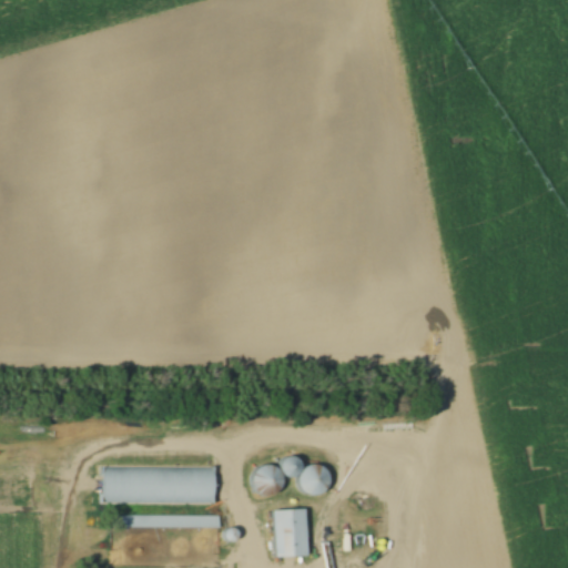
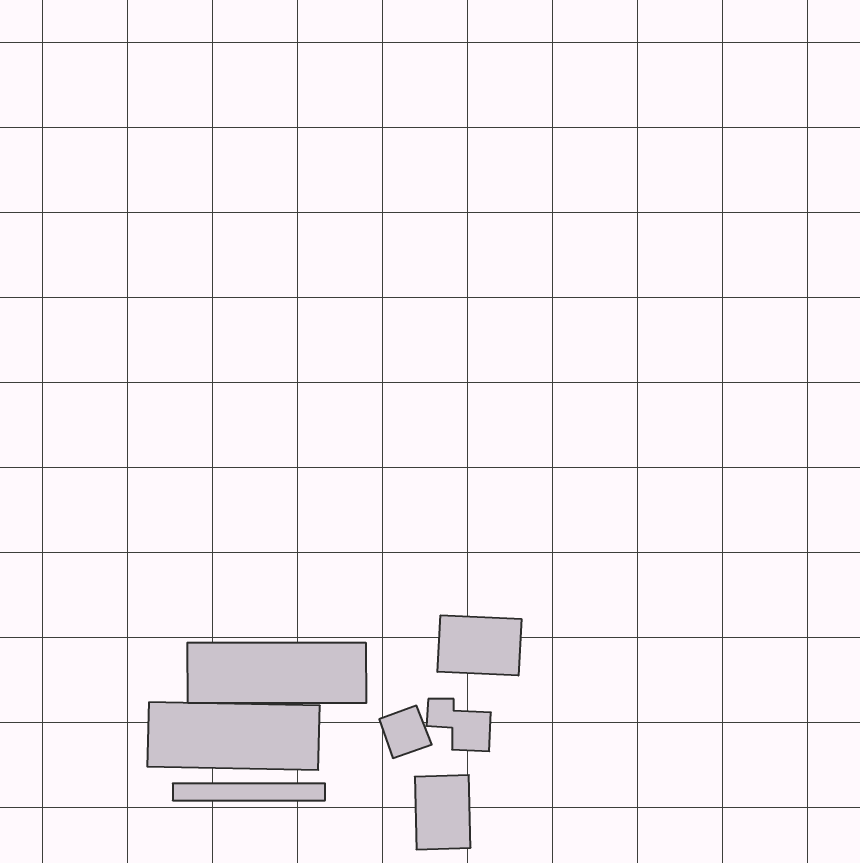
building: none -> [437,615,521,676]
building: none -> [187,643,366,703]

